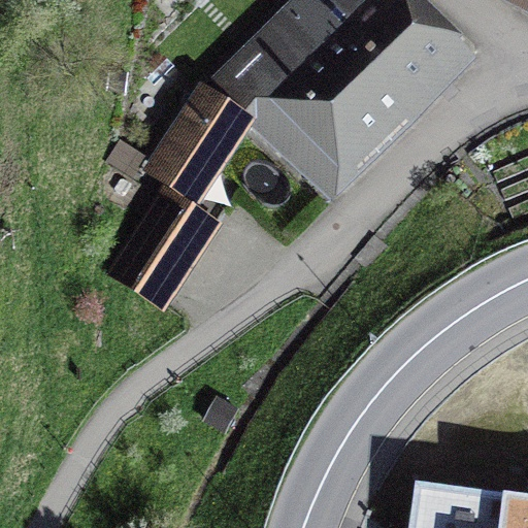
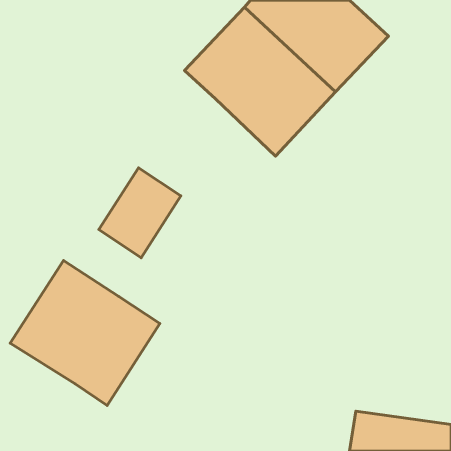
building: [154,82,252,196] -> none
building: none -> [10,261,160,405]

